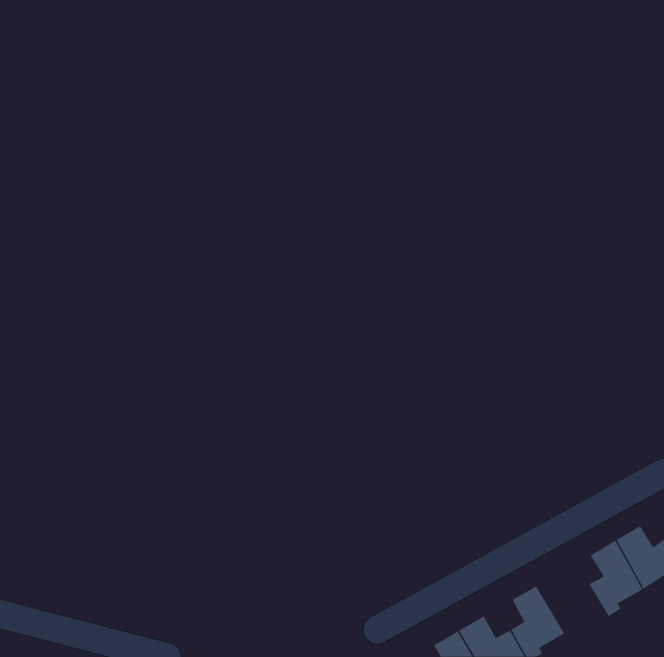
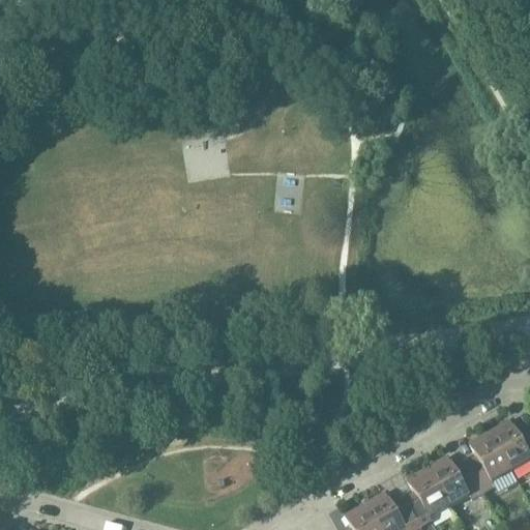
building: none -> [428,454,484,504]

